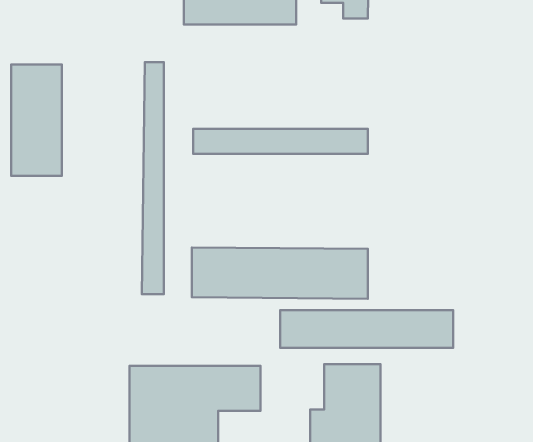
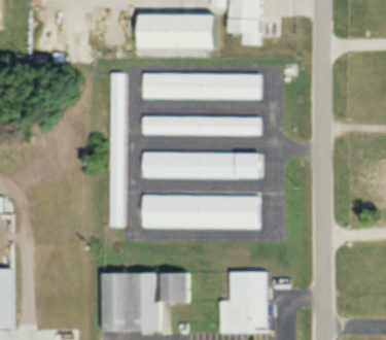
building: none -> [144,73,260,98]
building: [11,64,62,176] -> none
building: [280,310,453,348] -> [144,152,258,177]

